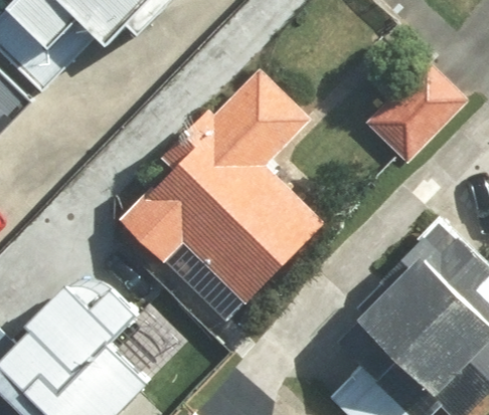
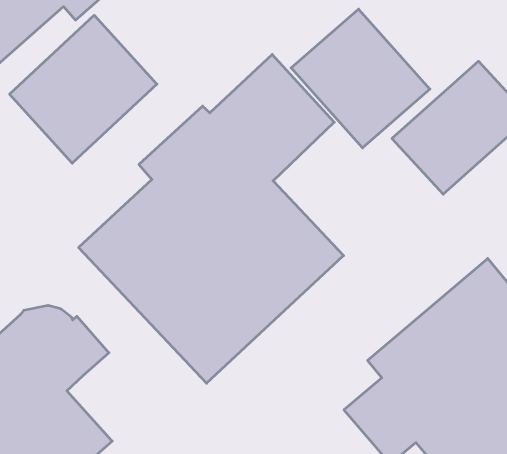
building: none -> [291,9,430,148]
building: none -> [10,15,157,163]

